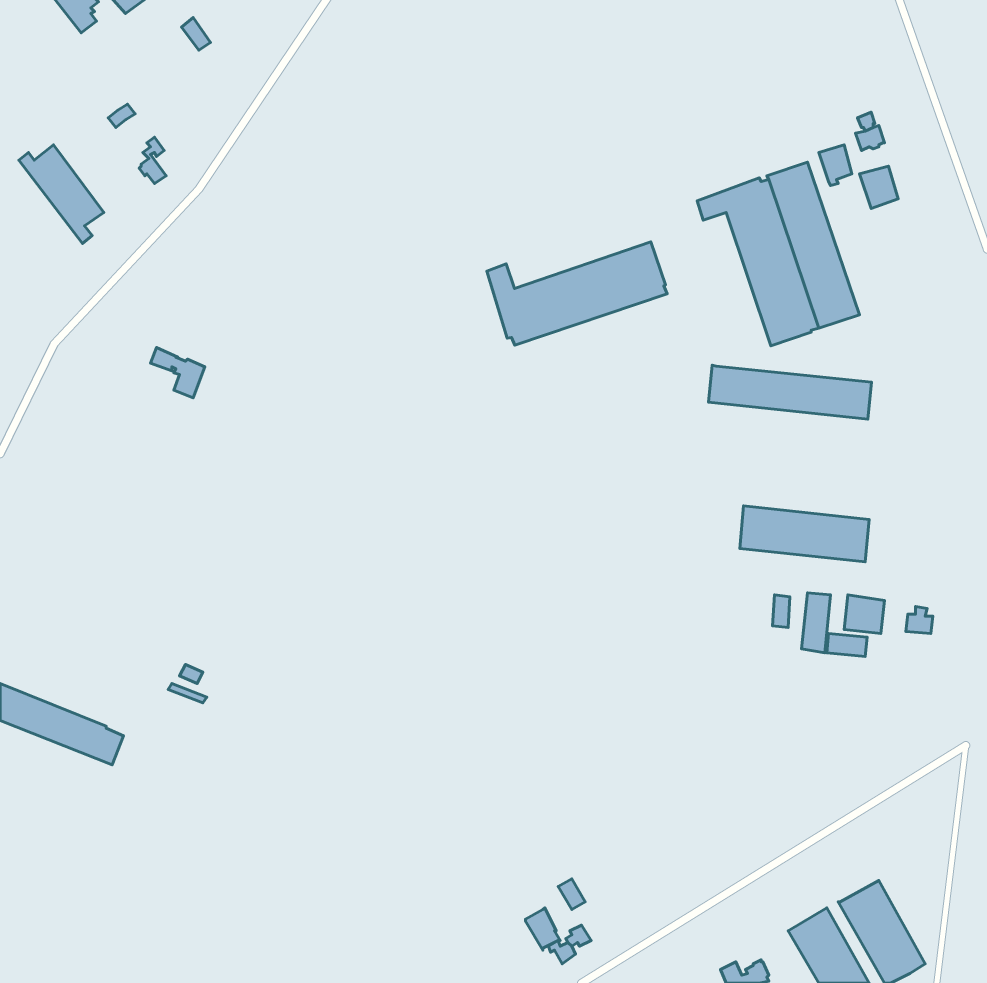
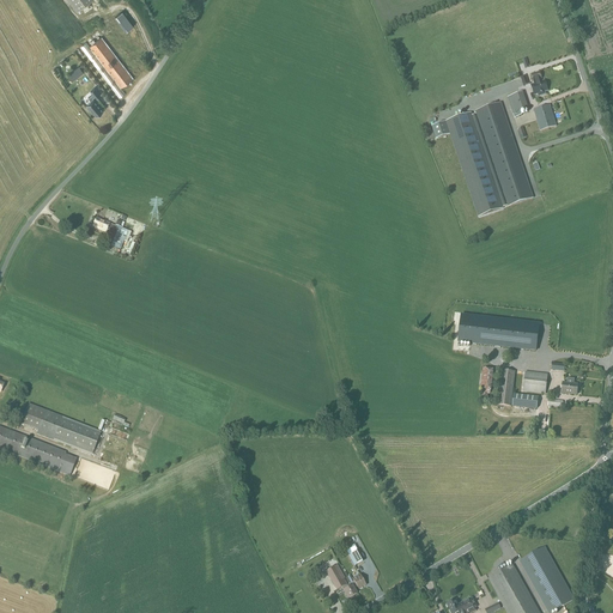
building: [19,145,104,243] -> [80,35,133,96]
building: [487,242,667,345] -> none
building: [708,365,871,419] -> none
building: none -> [22,402,101,454]

